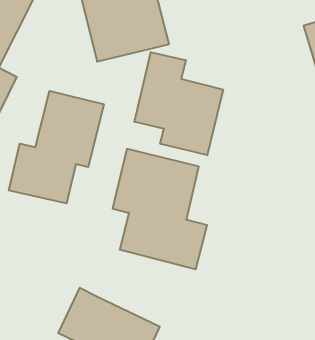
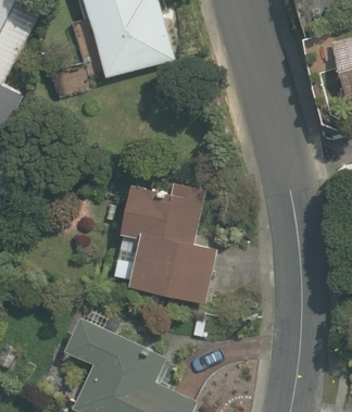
building: [135,52,223,155] -> none
building: [9,91,104,203] -> none

